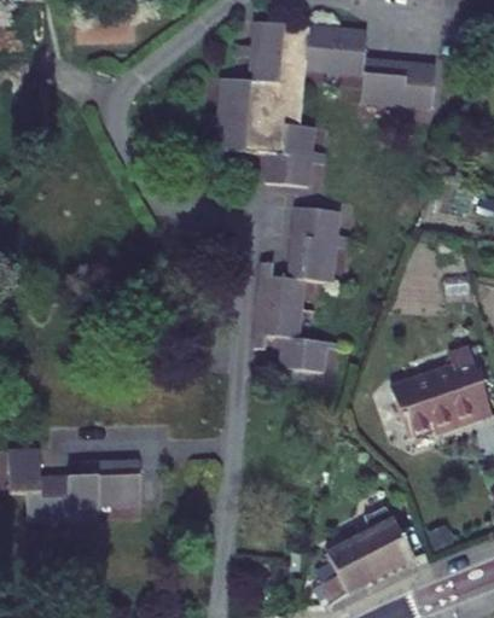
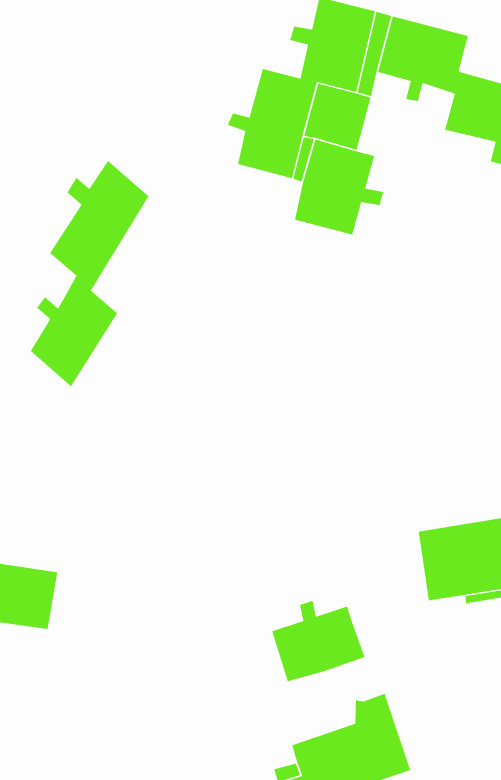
building: none -> [30,160,149,388]
building: [255,205,350,369] -> none
building: none -> [271,600,365,682]

